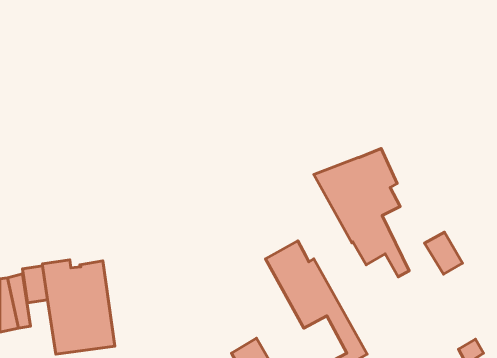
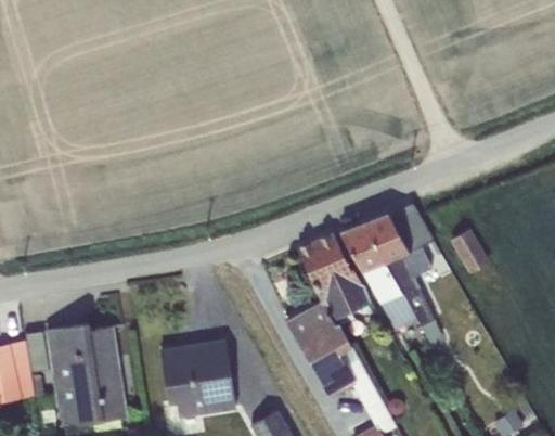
building: none -> [297,233,372,320]
building: [424,232,463,274] -> [448,228,489,273]
building: none -> [159,341,236,418]

